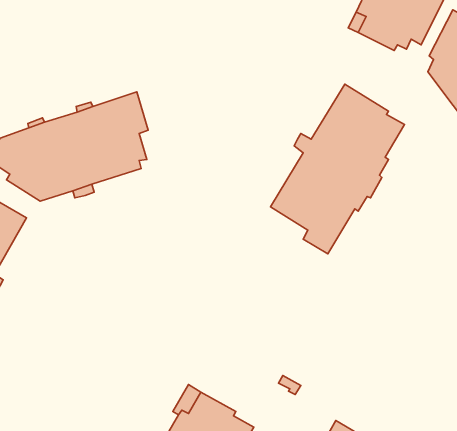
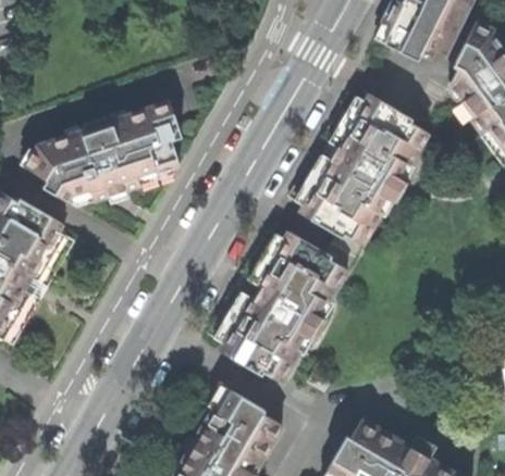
building: none -> [219,230,355,381]

